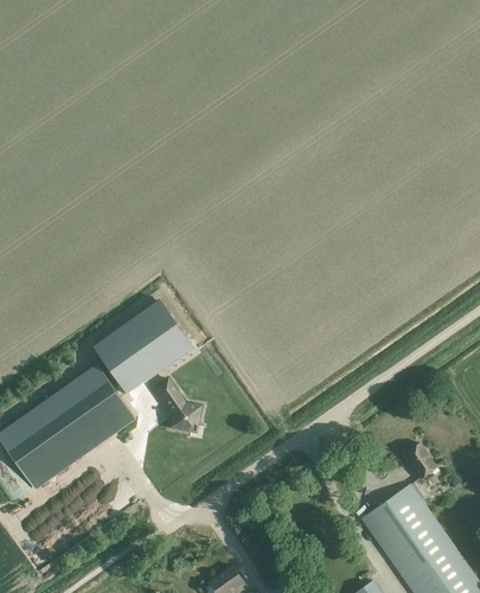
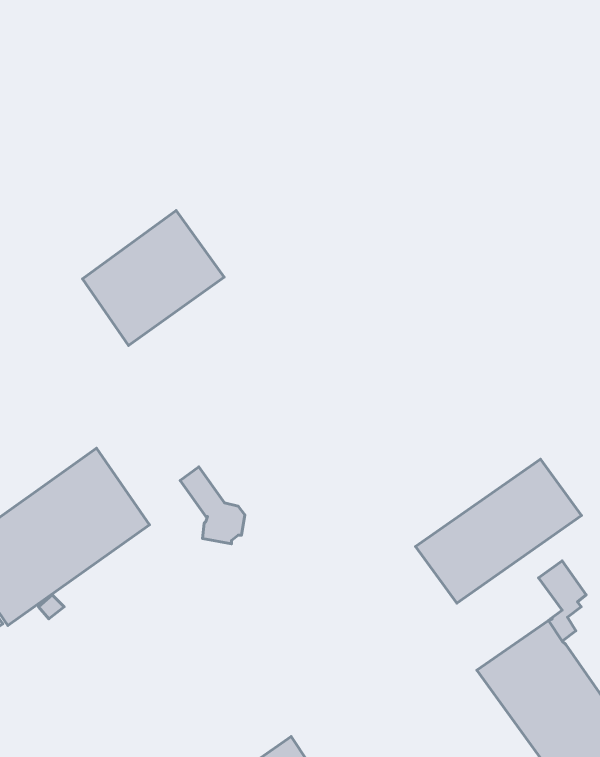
building: [95,300,193,394] -> [82,211,224,345]
building: none -> [416,459,581,603]

